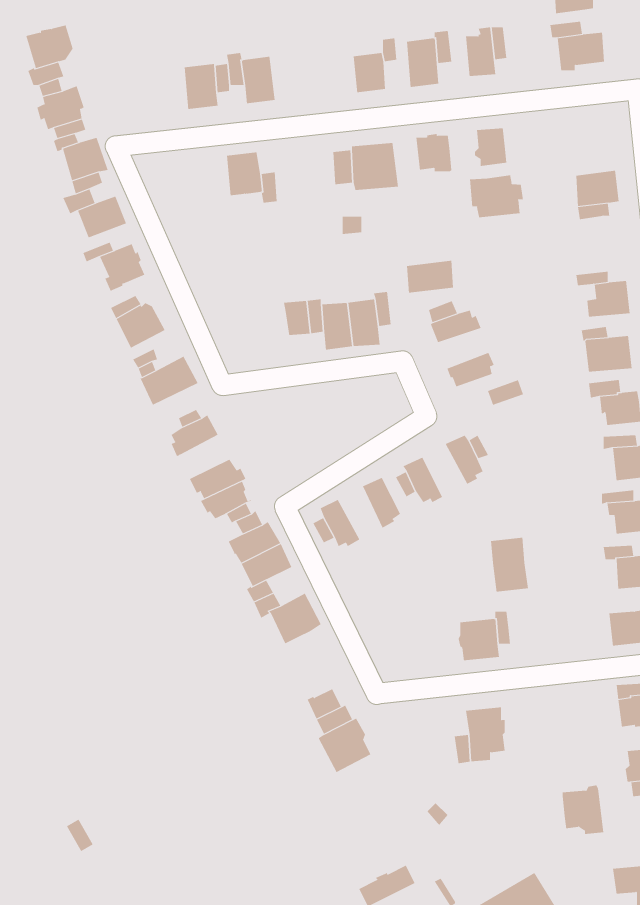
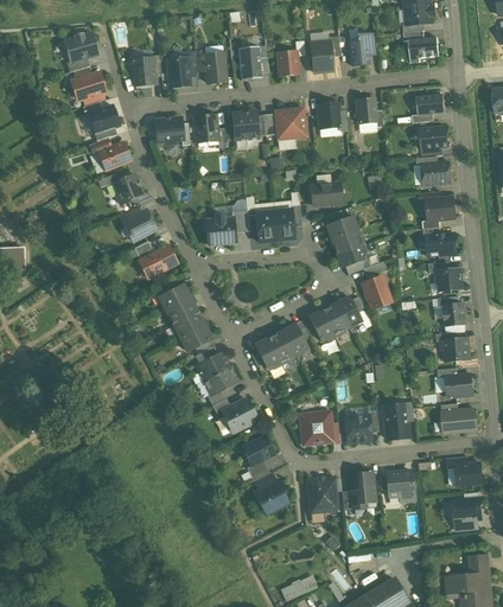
building: none -> [237,46,261,79]
building: none -> [130,57,155,85]
building: none -> [416,94,445,115]
building: none -> [231,110,259,140]
building: none -> [155,117,182,142]
building: [469,174,523,218] -> none
building: none -> [422,161,452,185]
building: none -> [204,215,235,244]
building: none -> [327,228,364,254]
building: none -> [362,276,390,308]
building: none -> [165,295,197,325]
building: none -> [321,300,350,337]
building: none -> [267,327,295,364]
building: [490,537,529,592] -> [383,403,408,439]
building: none -> [299,410,333,445]
building: none -> [243,435,273,466]
building: none -> [307,478,337,511]
building: [562,785,604,834] -> [387,468,414,500]

